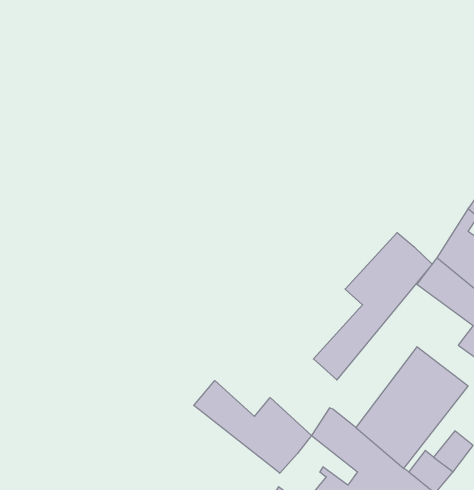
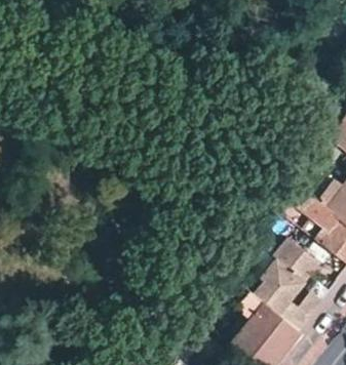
building: [313,233,432,380] -> none
building: [194,381,311,473] -> none

